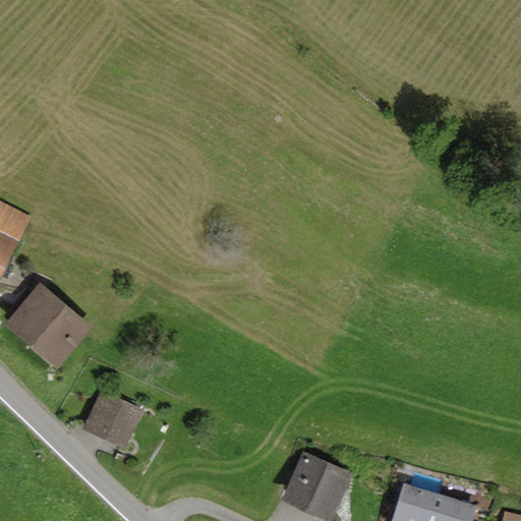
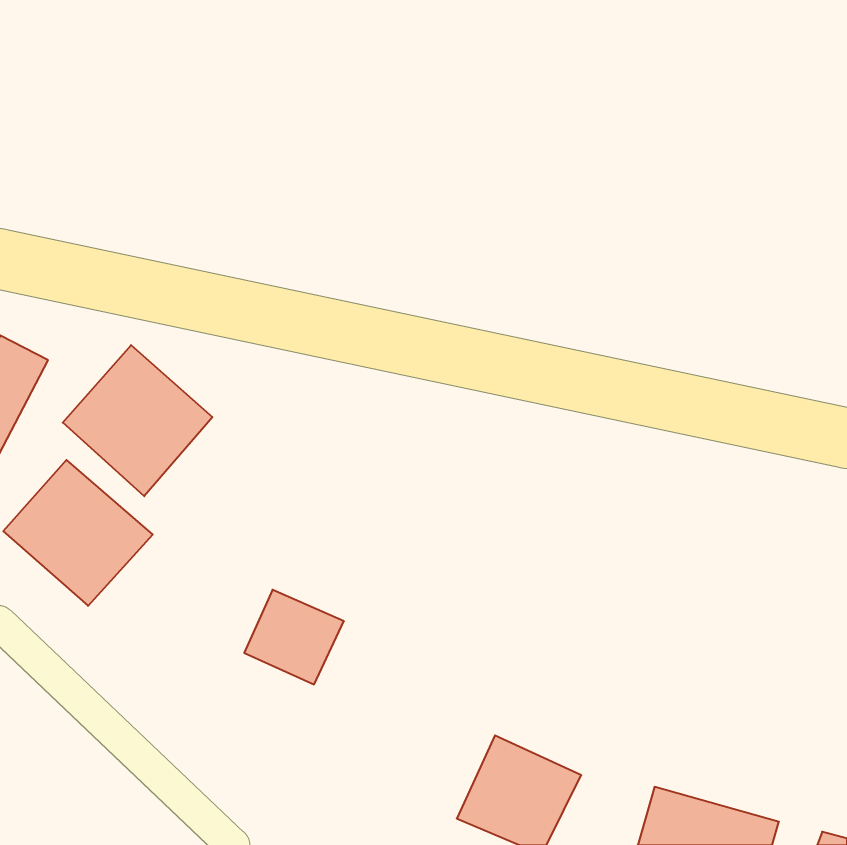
building: none -> [63,345,212,496]
building: [82,391,143,449] -> [244,590,344,684]

